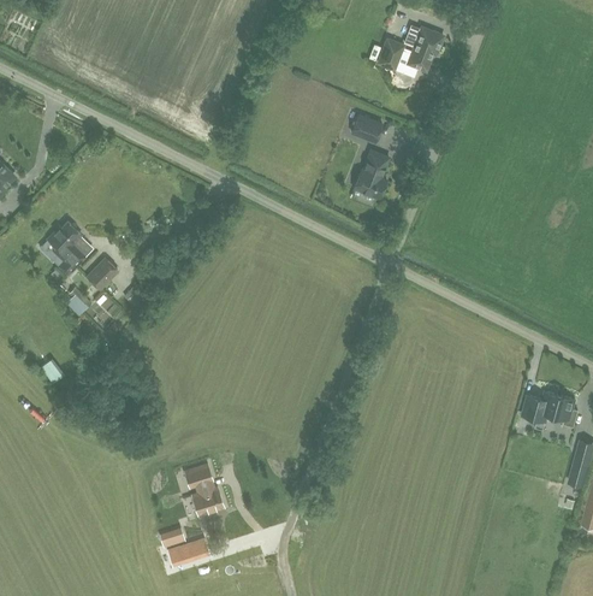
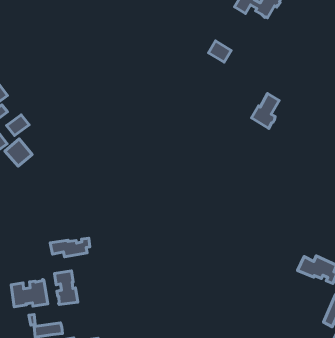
building: [352,151,387,199] -> [251,94,279,128]
building: none -> [50,238,90,257]
building: none -> [11,279,48,307]

